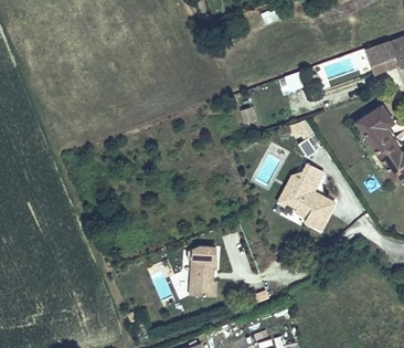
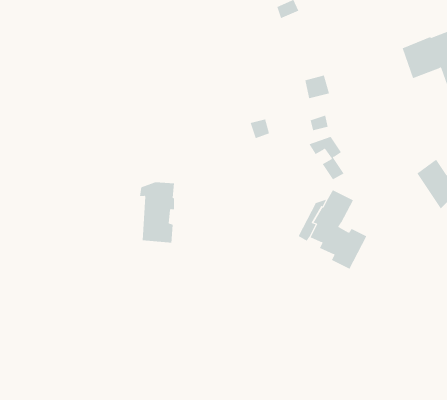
building: [357,105,393,151] -> none
building: [188,247,217,298] -> [139,182,175,243]

